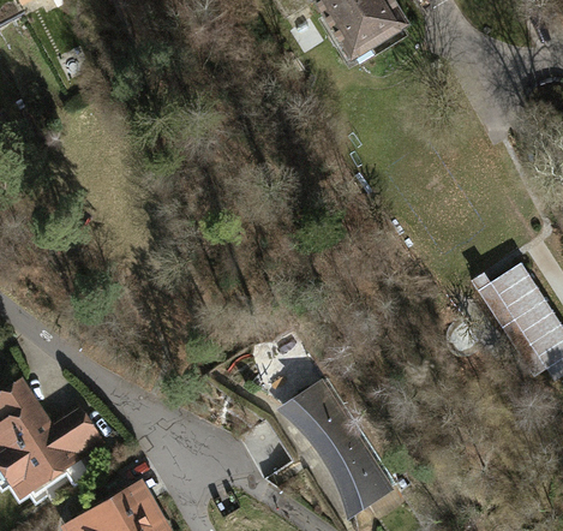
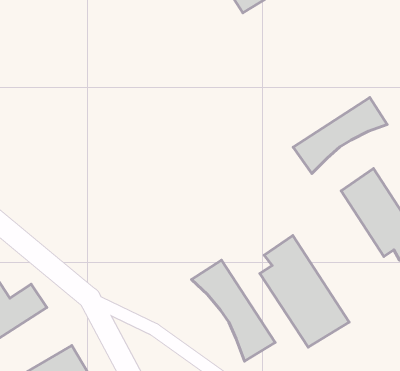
building: none -> [293,98,387,174]
building: none -> [260,236,349,347]

